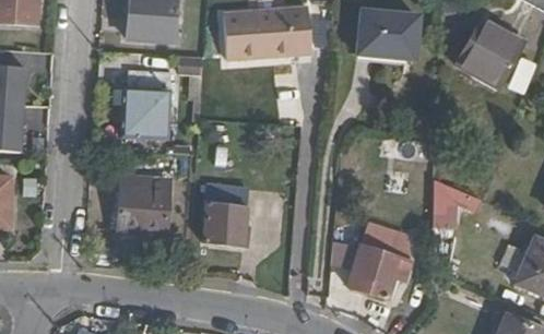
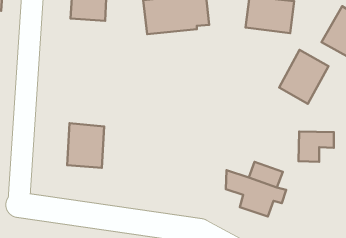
building: [119,67,172,138] -> none
building: none -> [279,50,329,104]
building: [205,184,248,247] -> none

